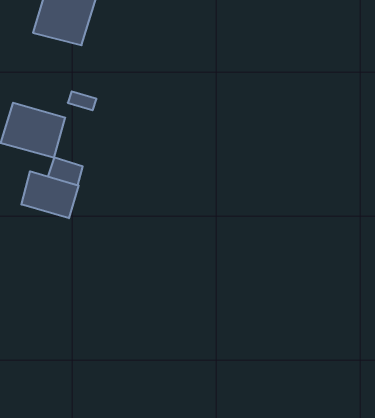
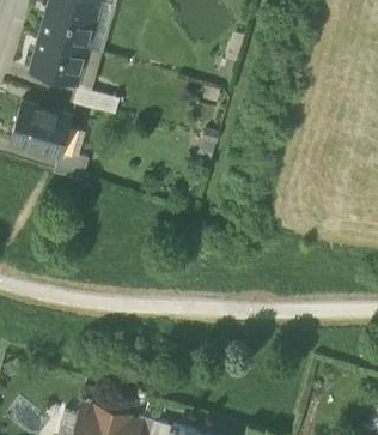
building: none -> [31,36,87,84]
building: [21,171,79,218] -> none

